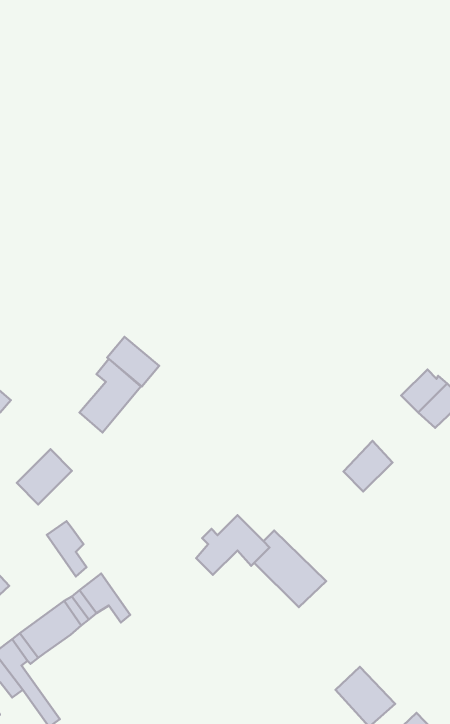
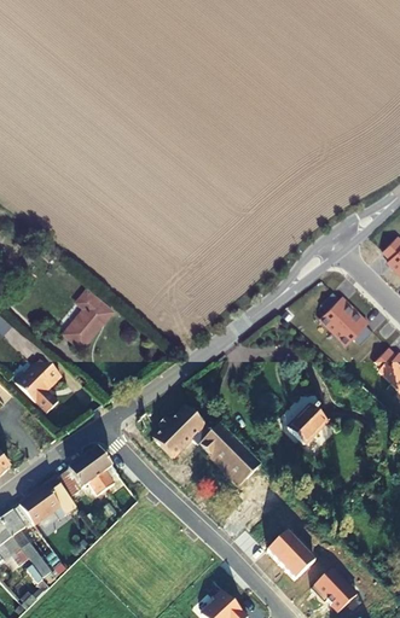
building: [107,337,159,386] -> none
building: [343,441,392,491] -> [286,403,325,443]
building: [47,521,87,576] -> [83,448,115,491]

